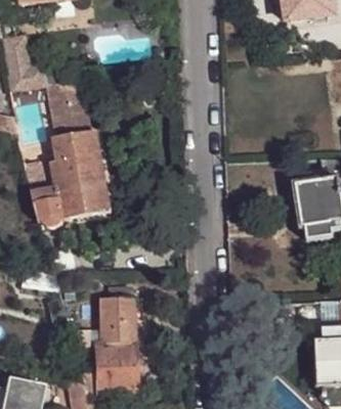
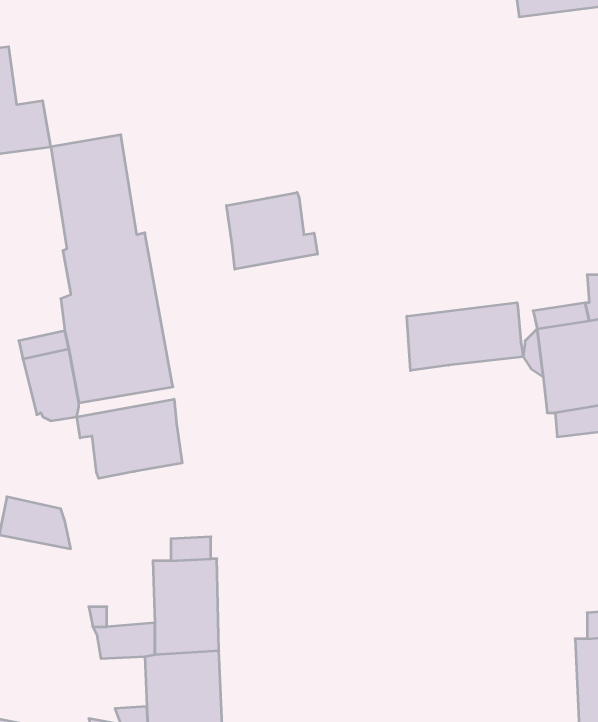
building: none -> [226,192,317,269]
building: none -> [407,303,523,371]
building: none -> [77,399,182,478]

